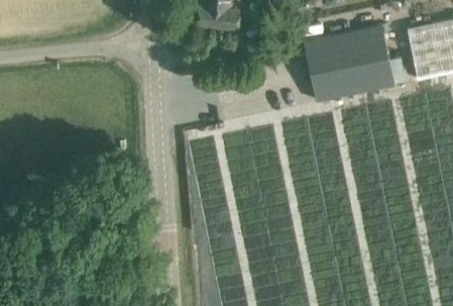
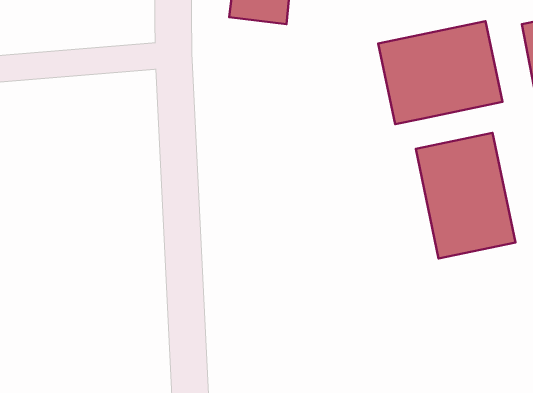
building: none -> [416,133,515,259]

